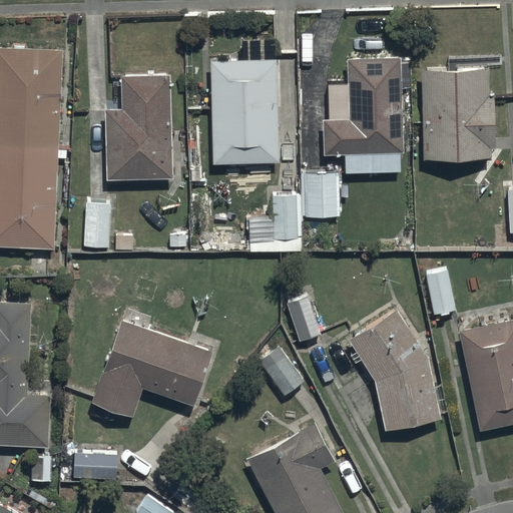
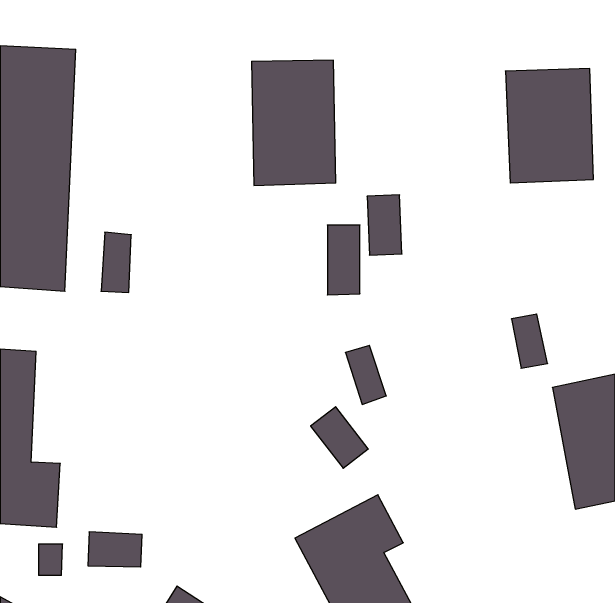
building: [324,57,404,155] -> none
building: [104,74,172,181] -> none
building: [348,308,442,432] -> none
building: [88,319,213,421] -> none

